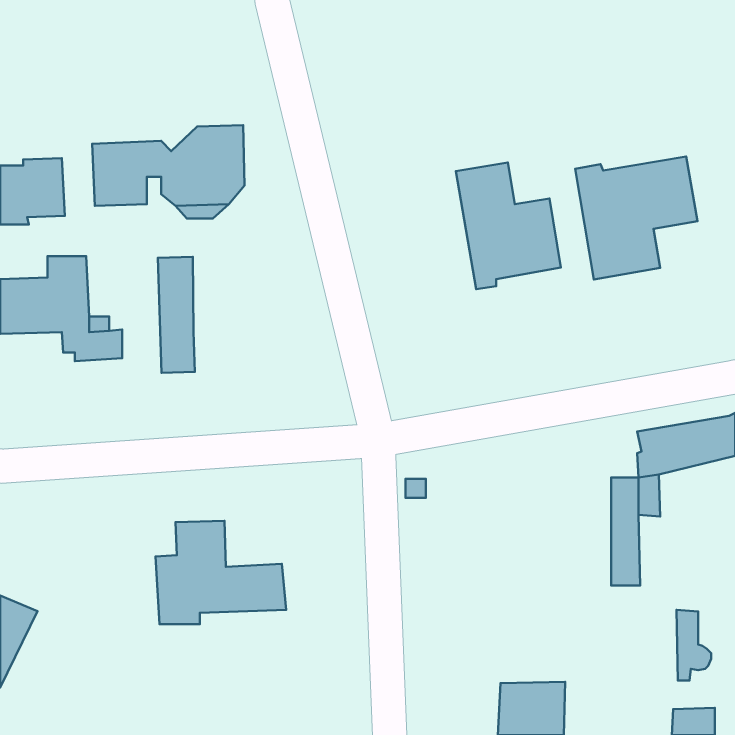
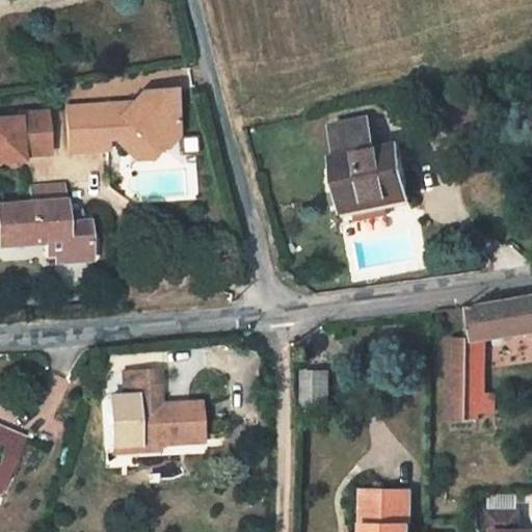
building: [575,157,698,279] -> none
building: [158,257,195,373] -> none
building: none -> [302,374,329,407]
building: [677,610,711,680] -> [461,372,486,423]

